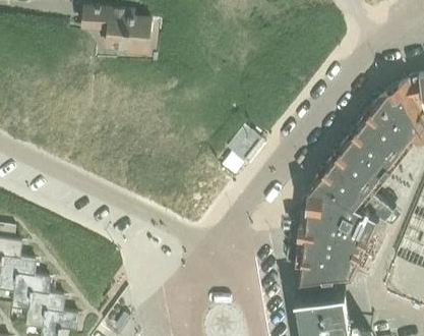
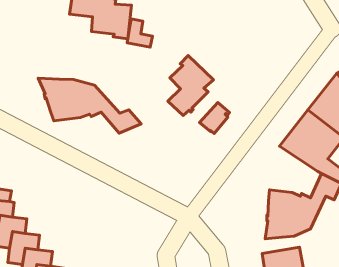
building: none -> [127,19,152,47]
building: none -> [168,56,214,115]
building: none -> [38,78,141,133]
building: [305,174,363,232] -> none

